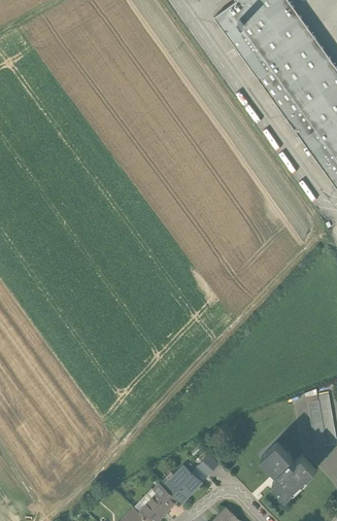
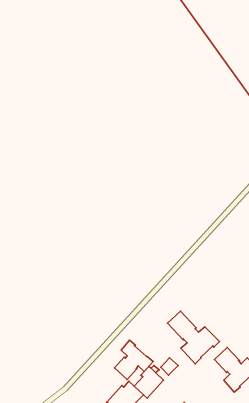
building: none -> [168,311,219,364]
building: none -> [114,340,153,379]

